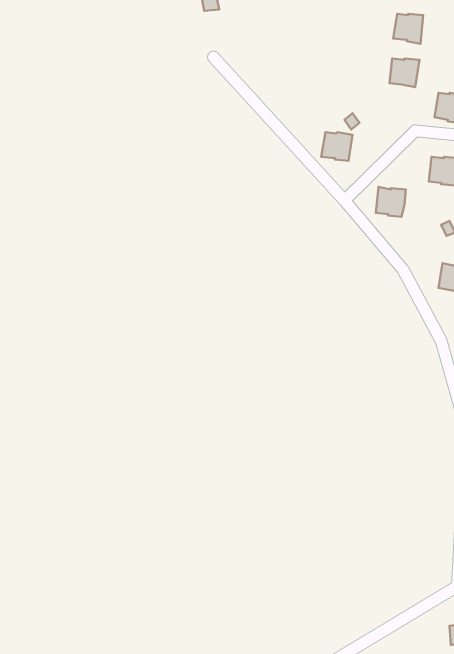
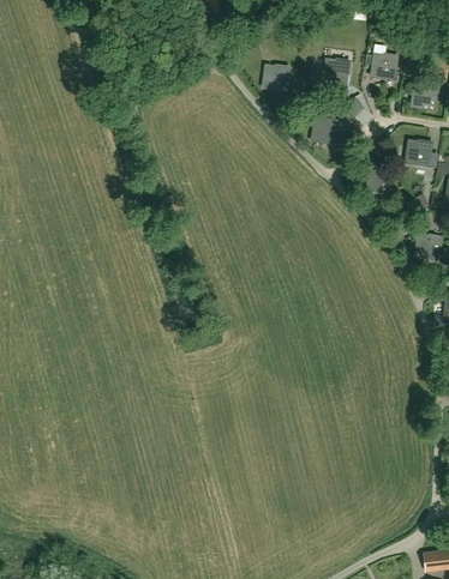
building: [393,14,423,44] -> [323,59,349,85]
building: none -> [263,65,289,91]

